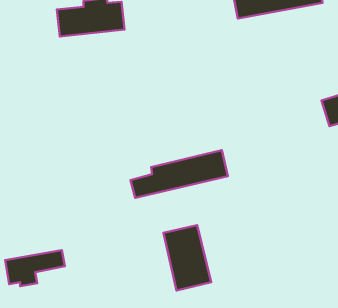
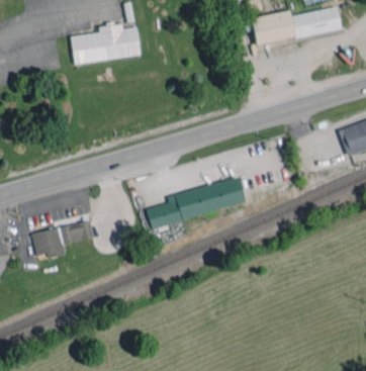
building: [164,225,211,290] -> none
building: [5,250,65,286] -> [32,222,93,259]

